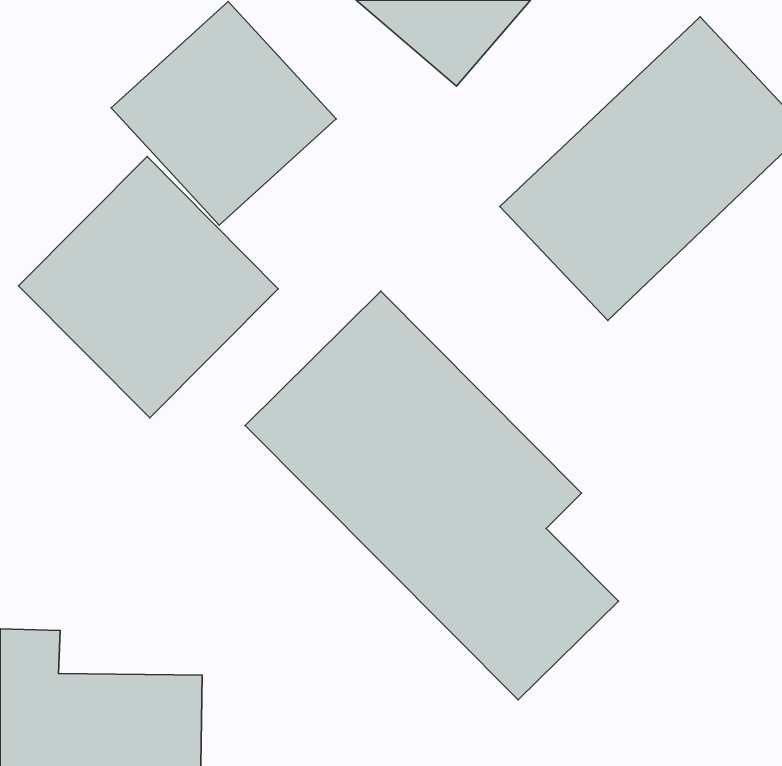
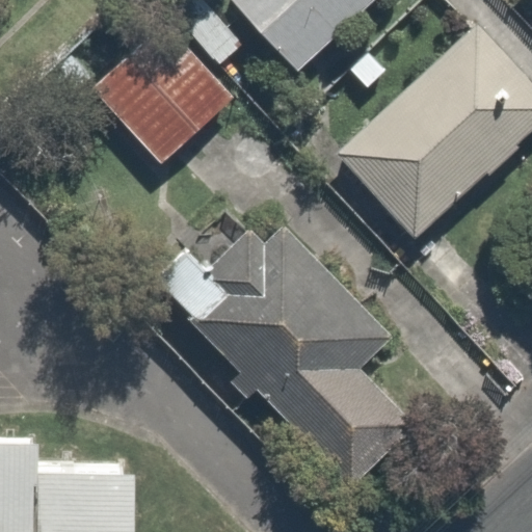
building: [19,157,278,418] -> none

